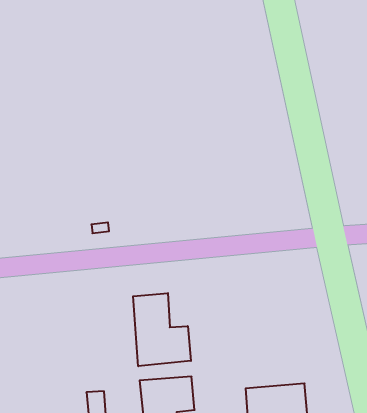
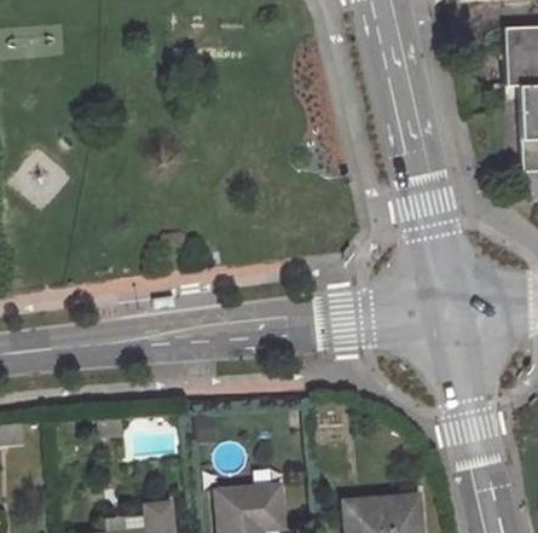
building: [133,293,191,366] -> none

